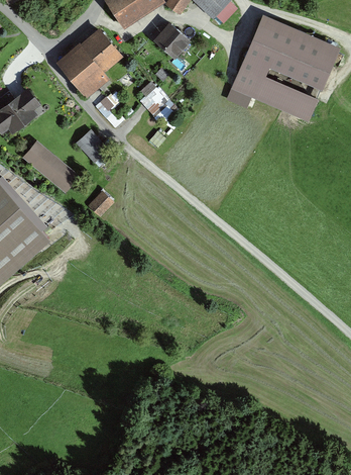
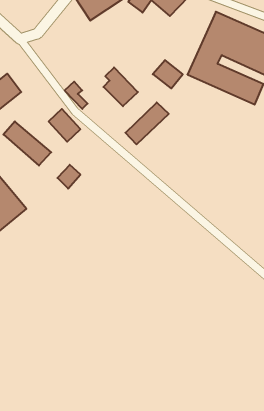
building: [155,23,190,56] -> [153,60,183,88]
building: [57,28,123,95] -> none
building: none -> [125,102,169,144]

